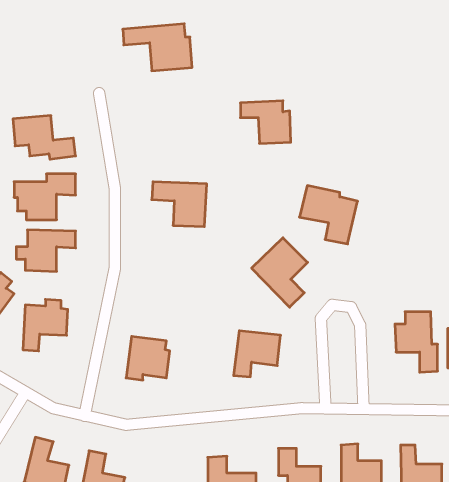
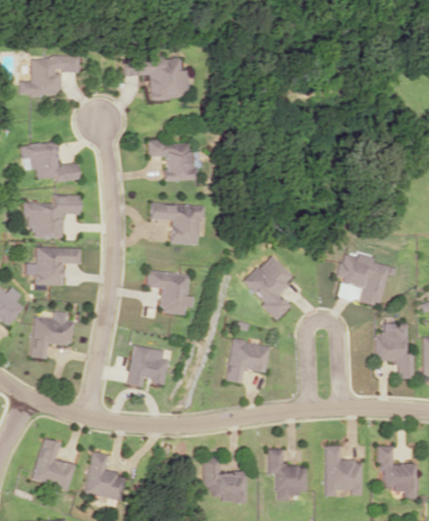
building: none -> [20,56,79,95]
building: [240,101,291,143] -> [149,141,195,180]
building: [299,186,358,244] -> [336,251,390,305]
building: none -> [146,270,191,314]

